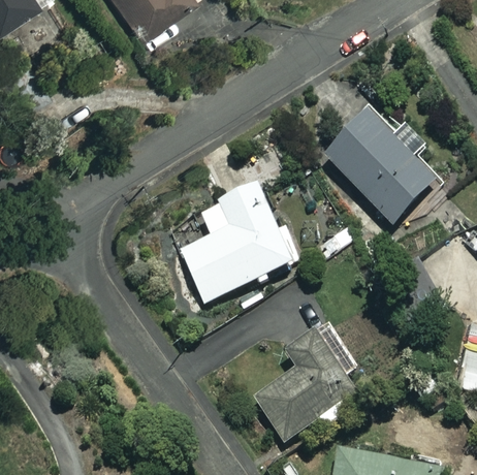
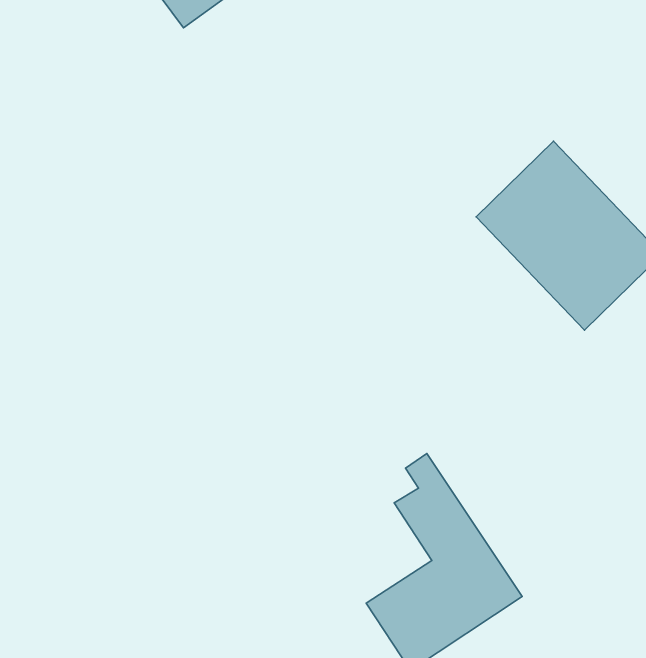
building: [181,185,303,303] -> none

